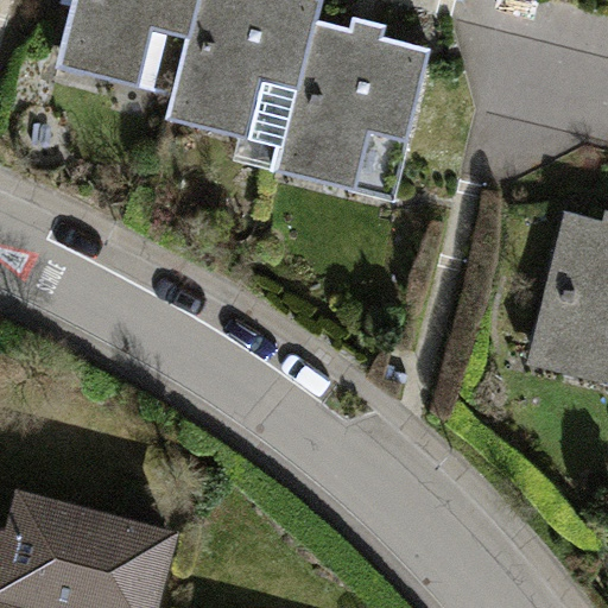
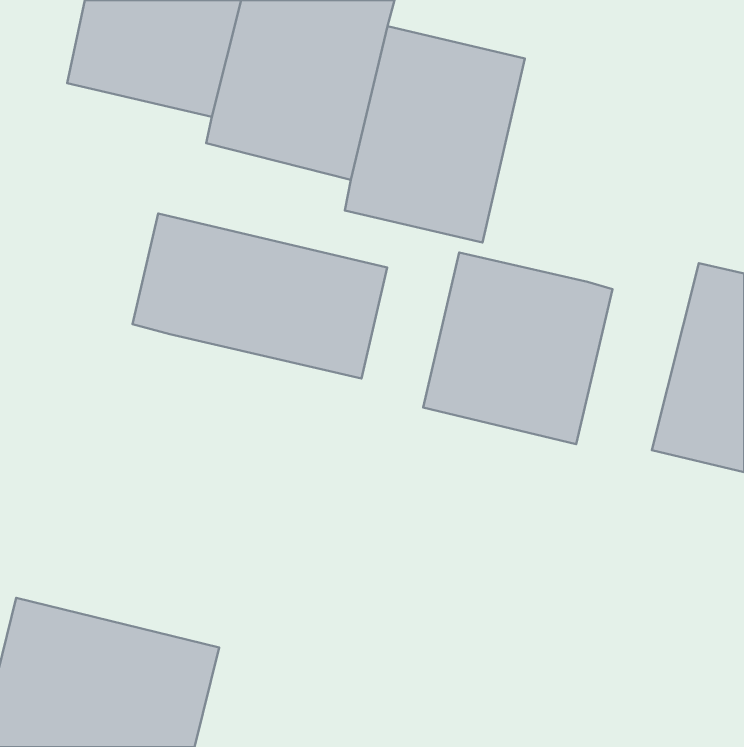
building: none -> [132,213,387,378]
building: none -> [423,253,612,444]

